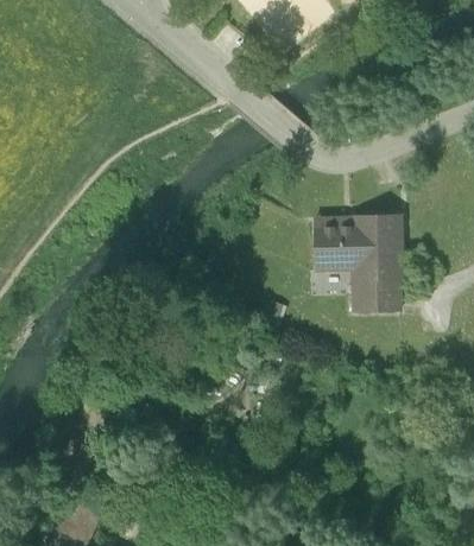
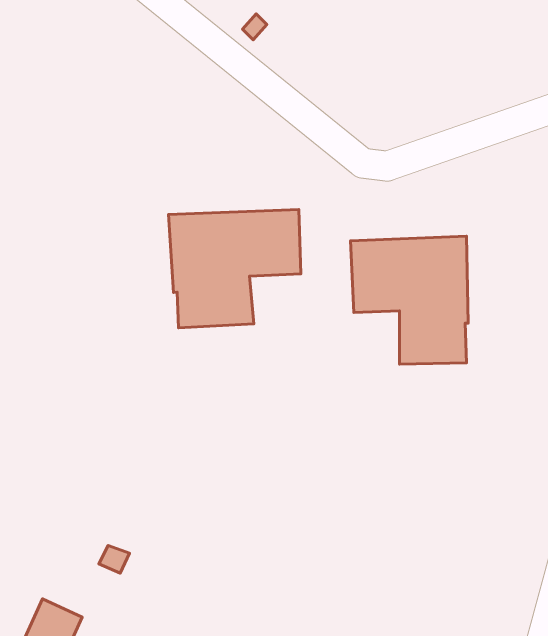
building: none -> [168,209,301,328]

